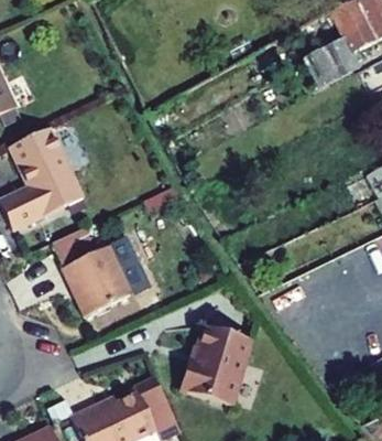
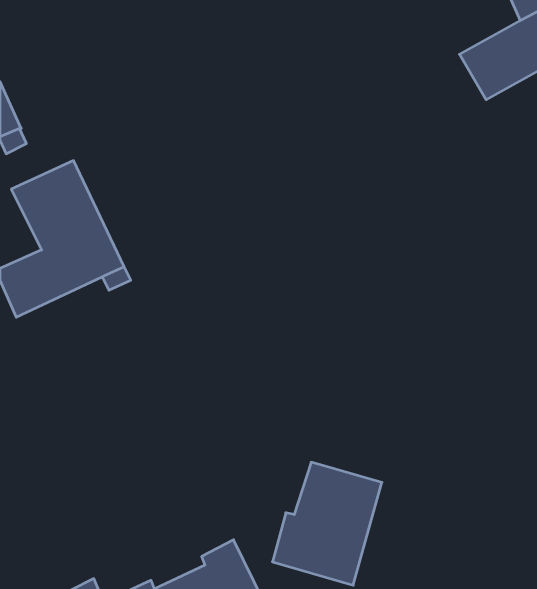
building: [51,226,148,314] -> none

